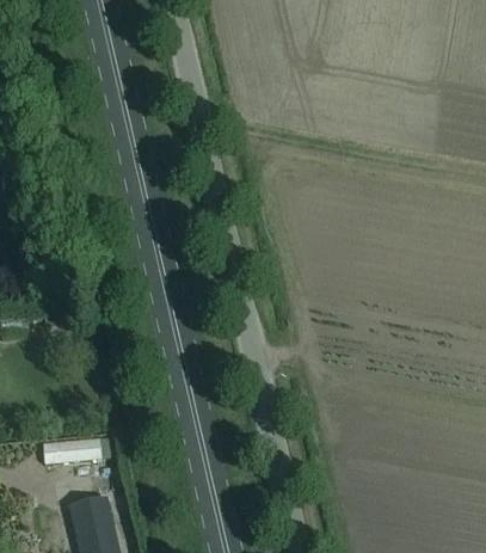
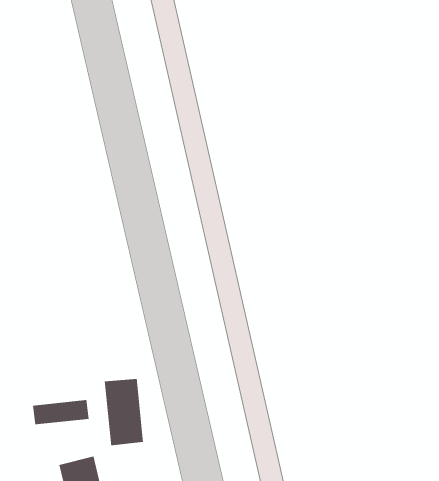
building: none -> [104,378,144,446]

